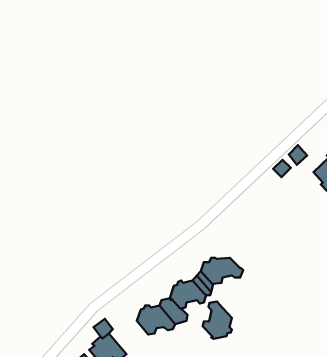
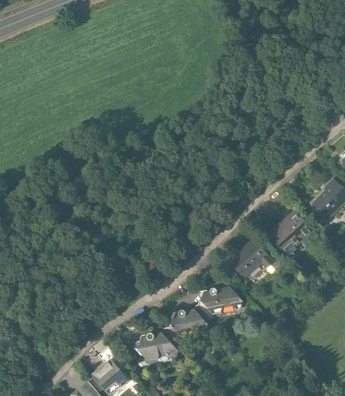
building: none -> [272,213,314,255]
building: none -> [230,238,273,277]
building: [203,302,232,339] -> none

